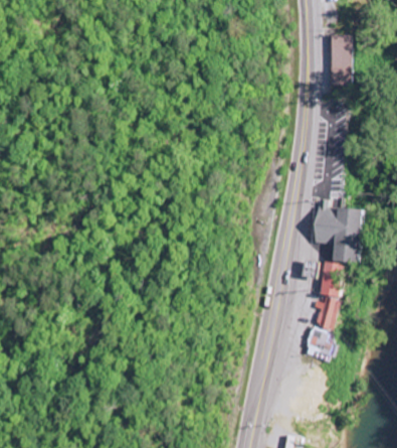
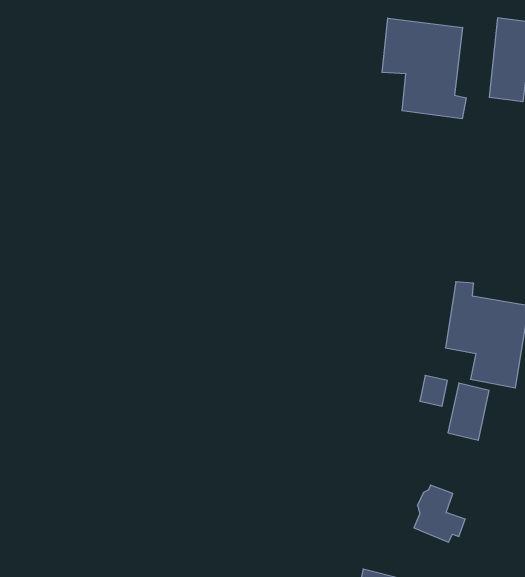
building: none -> [382,18,466,119]
building: [316,296,339,329] -> none

